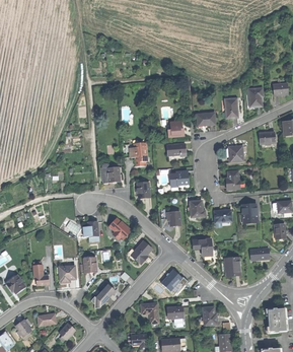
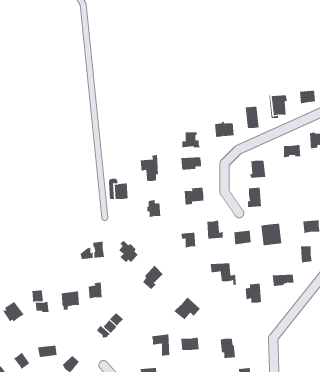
building: [266,307,286,332] -> none

